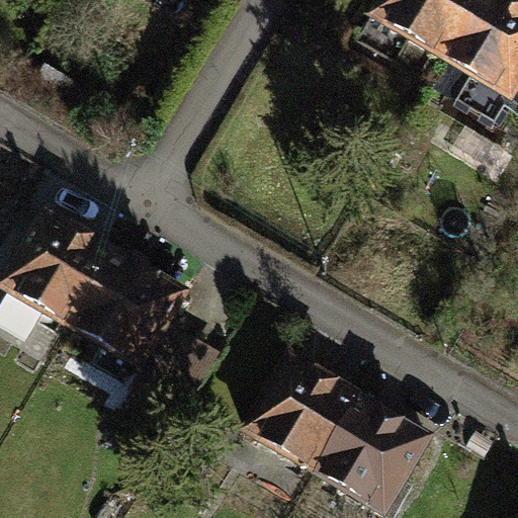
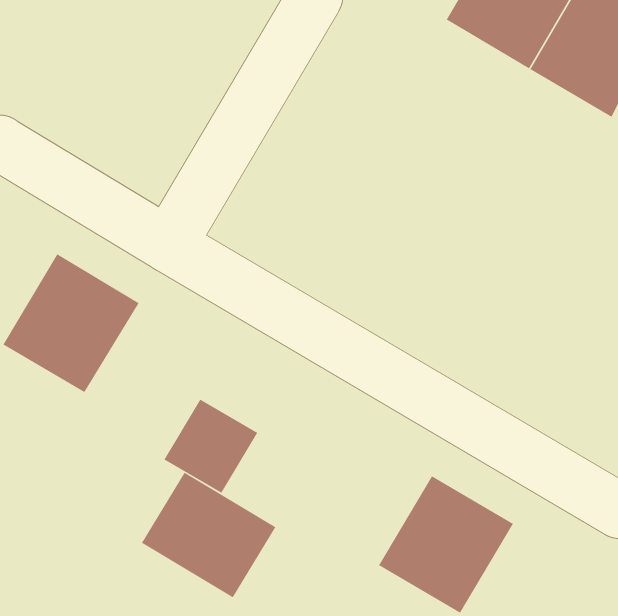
building: [72,253,186,368] -> none
building: [247,355,361,471] -> none
building: none -> [141,472,276,598]

